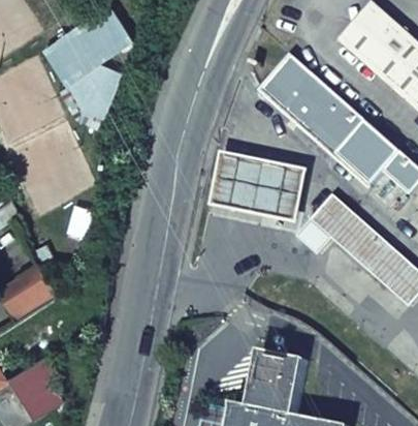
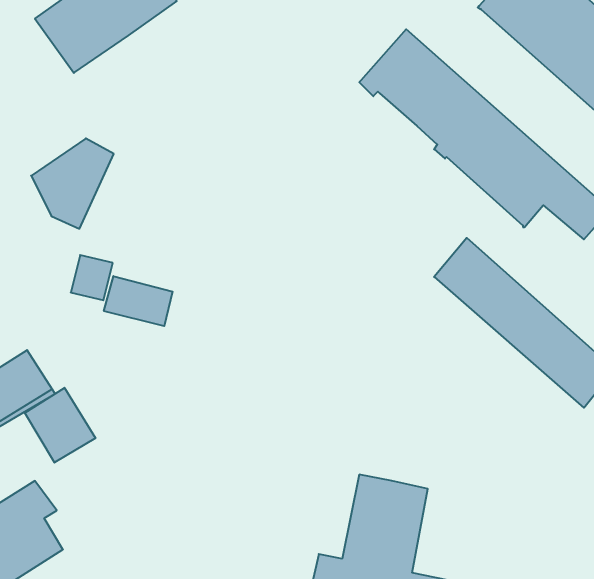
building: [69,58,124,118] -> [31,138,114,229]
building: [210,153,303,220] -> none
building: none -> [104,276,173,326]
building: none -> [25,388,95,463]

